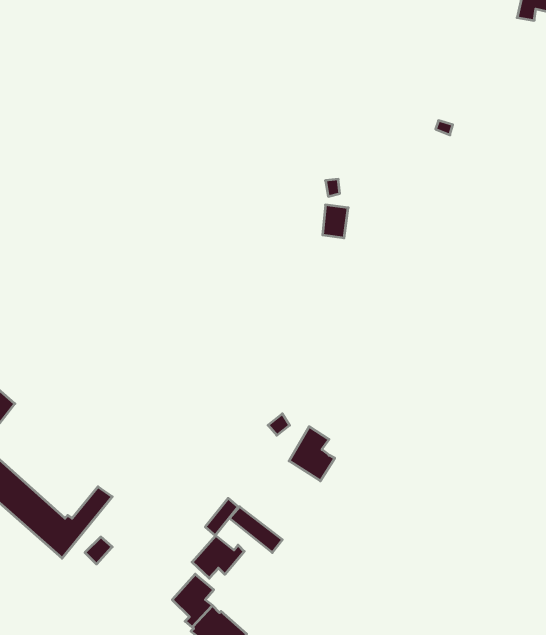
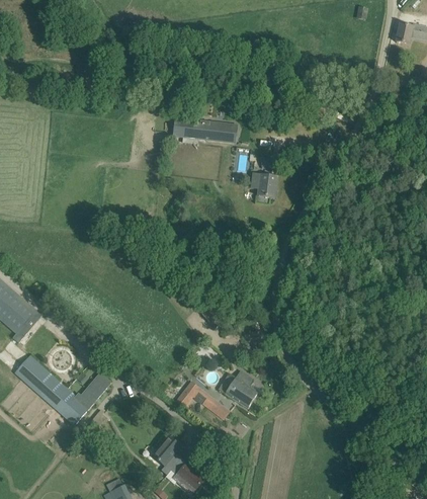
building: none -> [172,112,239,144]
building: [289,427,335,481] -> [225,369,257,408]
building: [192,536,244,578] -> none

